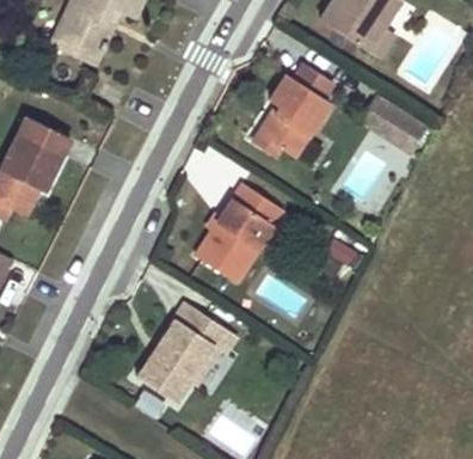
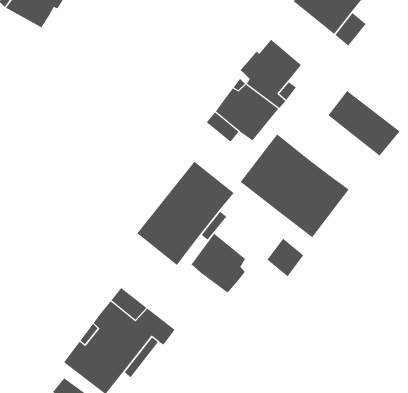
building: none -> [240,133,349,238]
building: none -> [191,233,246,294]

